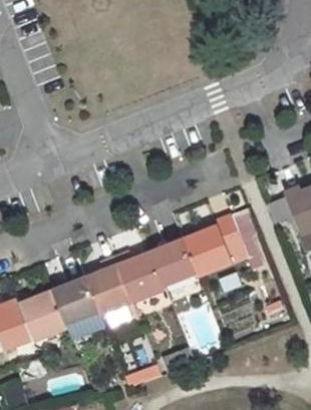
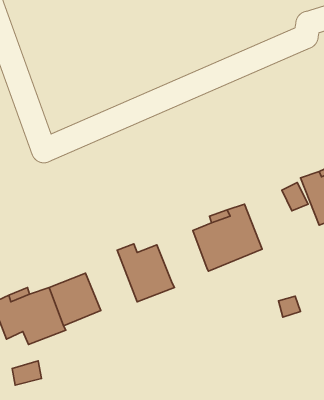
building: [151,239,198,287] -> none
building: [86,257,133,317] -> none

